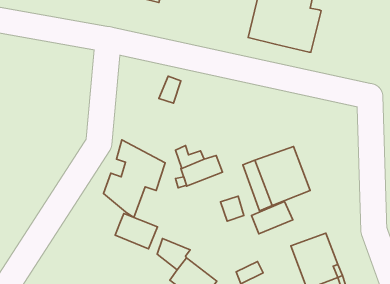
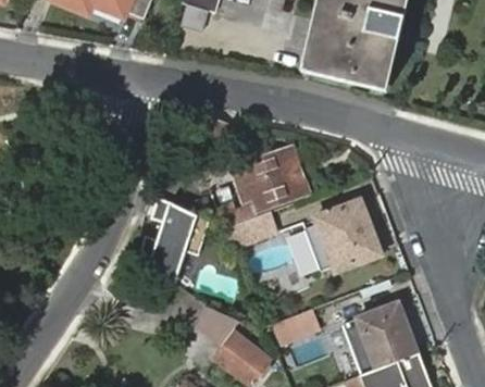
building: none -> [234,148,307,209]
building: [251,202,293,234] -> [272,309,321,347]
building: [115,213,158,249] -> none

